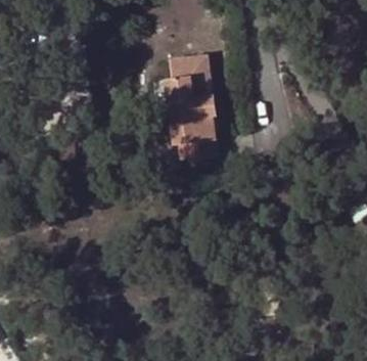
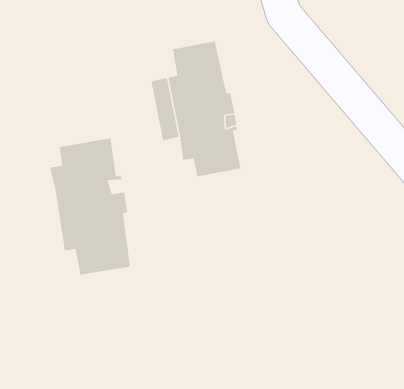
building: none -> [49,138,131,276]

